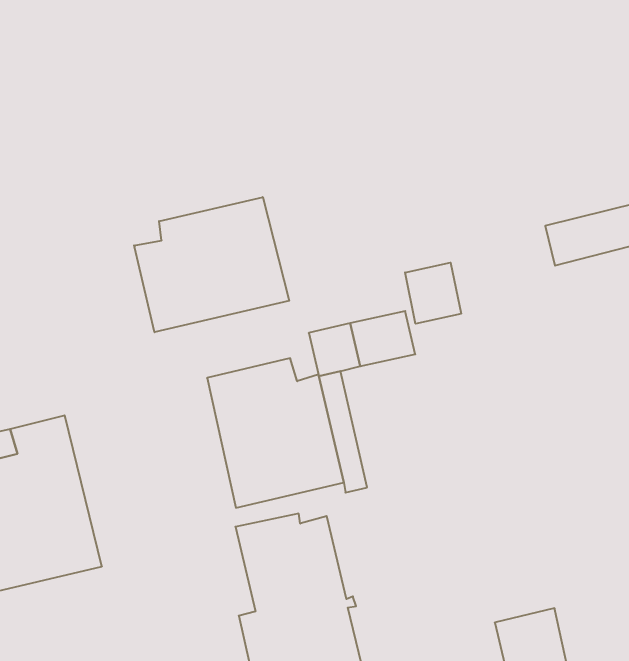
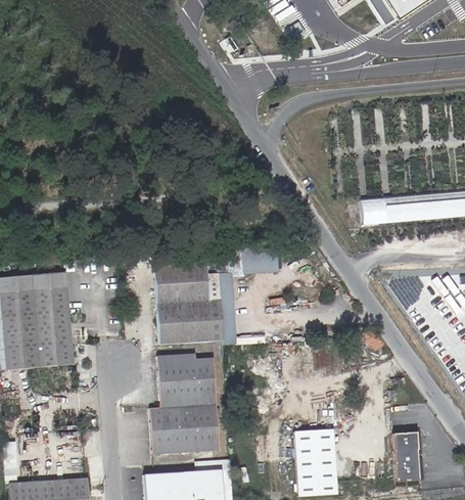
building: [134,197,289,332] -> none
building: [405,263,461,324] -> none

